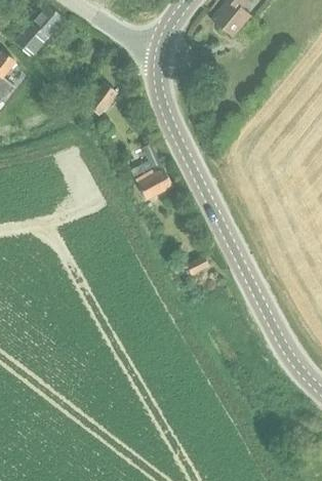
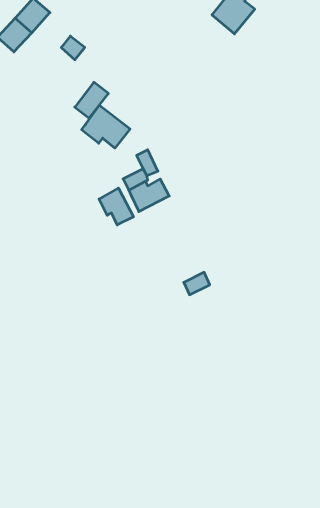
building: none -> [82,105,130,148]
building: none -> [99,188,133,225]

